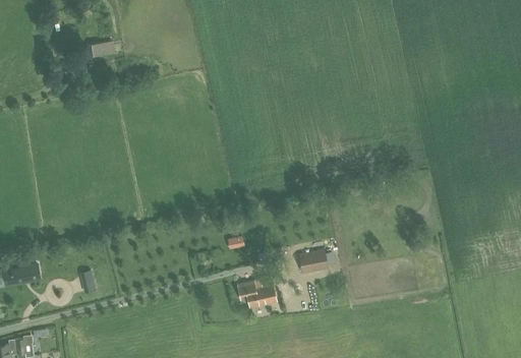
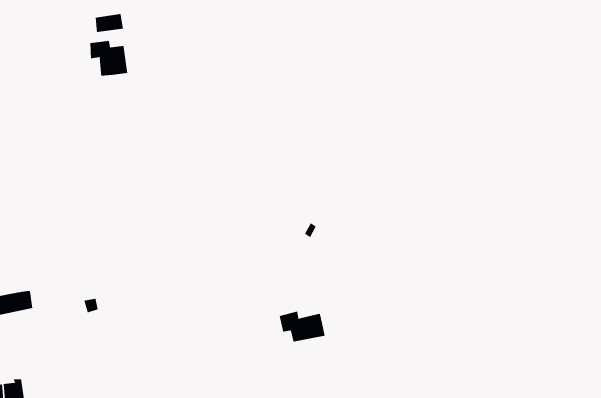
building: none -> [90,40,128,77]
building: [297,249,328,274] -> none

